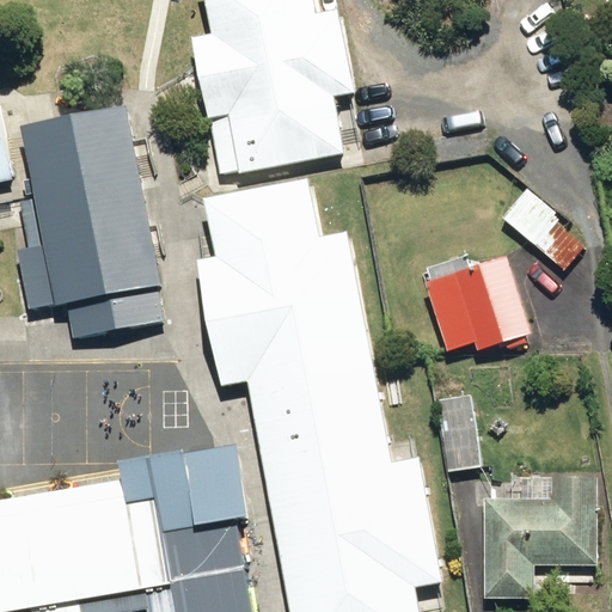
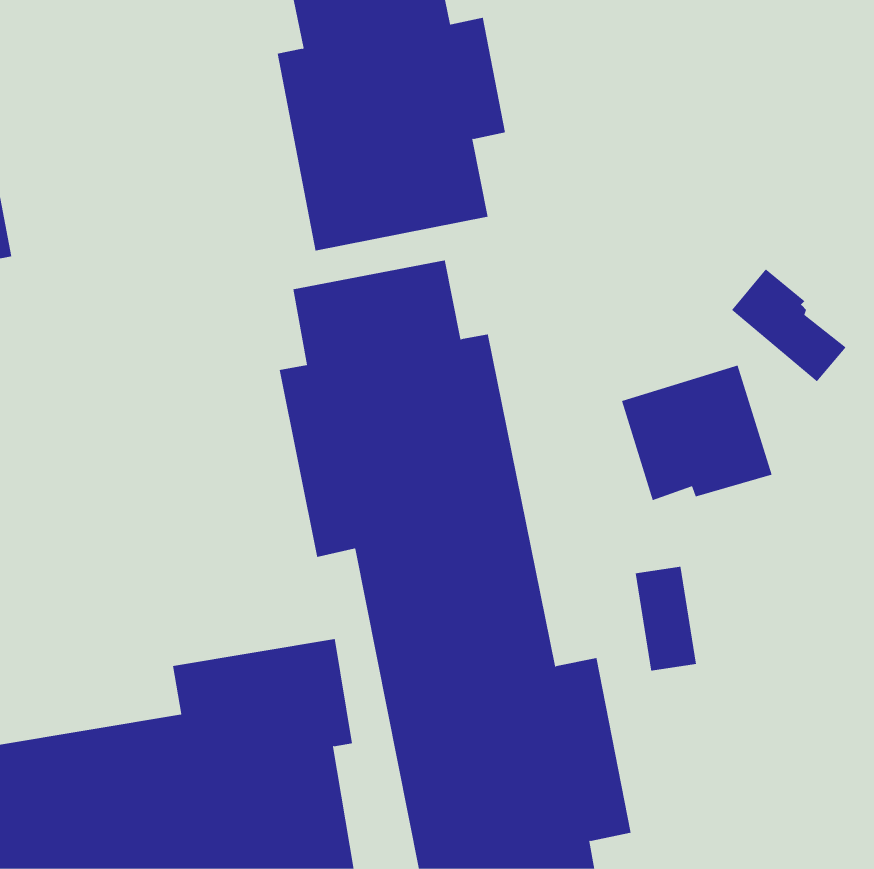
building: [12,106,160,338] -> none
building: [489,475,602,595] -> none

